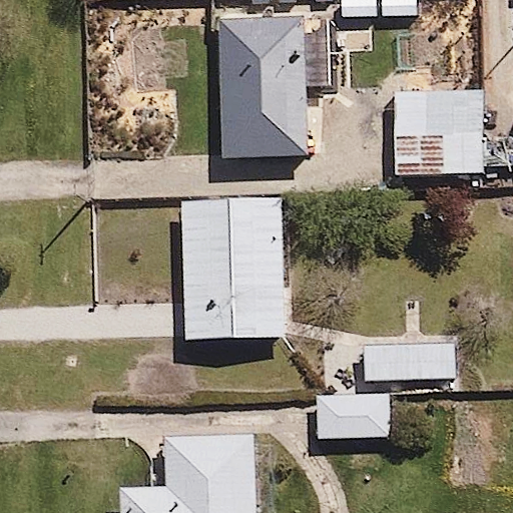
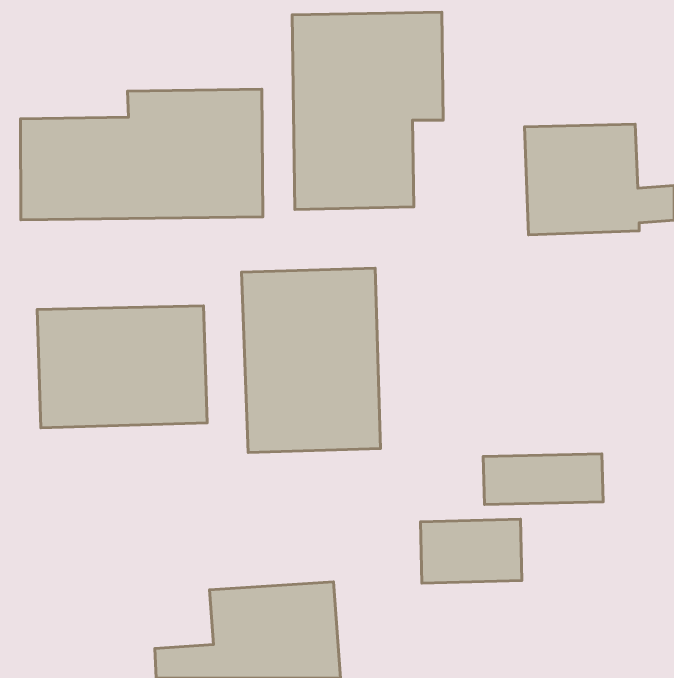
building: none -> [21,89,263,220]
building: none -> [37,306,207,428]

